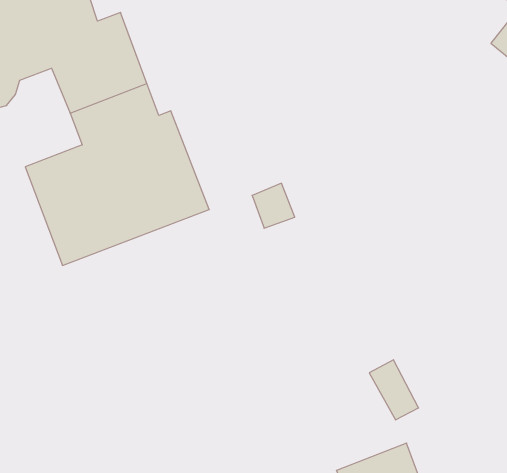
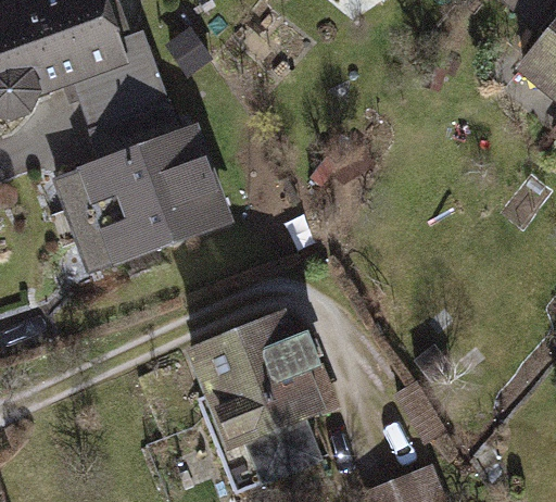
building: none -> [185,303,333,478]

